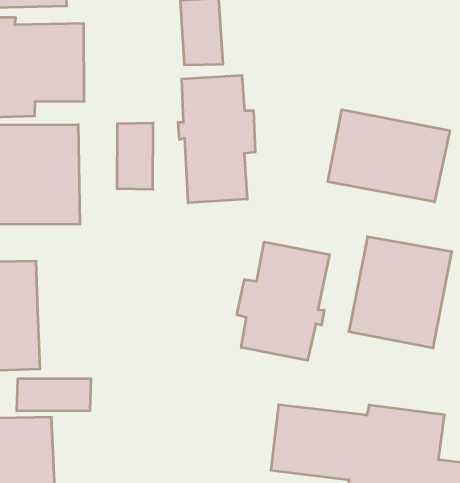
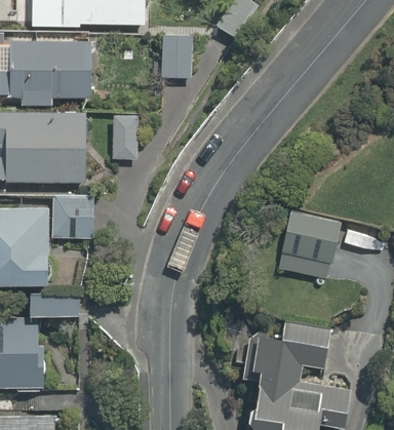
building: [178,75,255,203] -> none
building: [328,110,450,202] -> none
building: none -> [47,193,93,247]
building: [237,242,329,360] -> none

